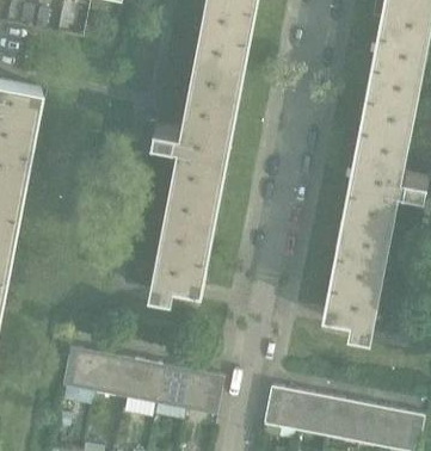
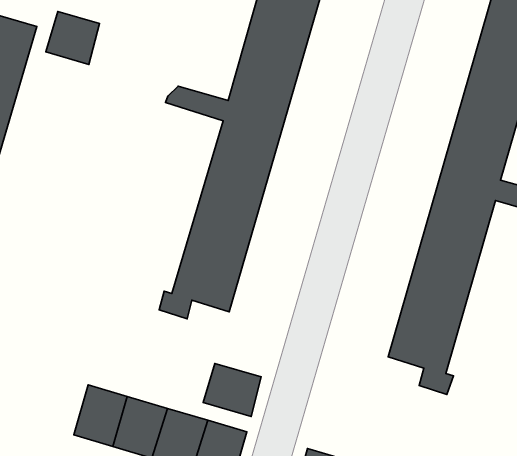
building: none -> [46,11,99,64]
building: none -> [203,364,261,417]
building: [63,346,103,390] -> none

